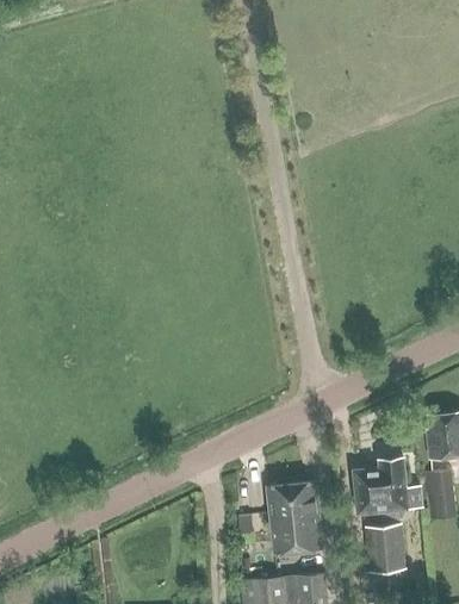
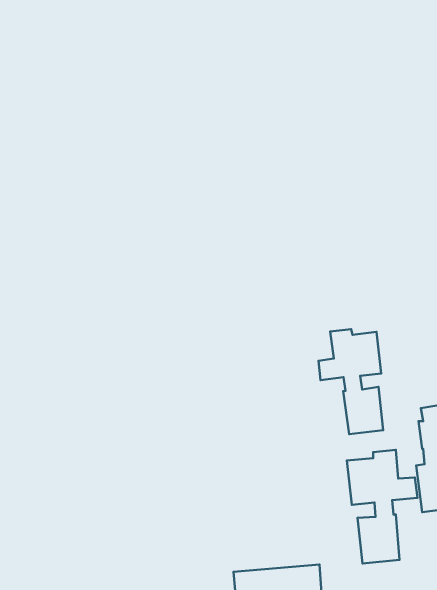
building: none -> [319,329,383,434]
building: [266,481,321,554] -> none

